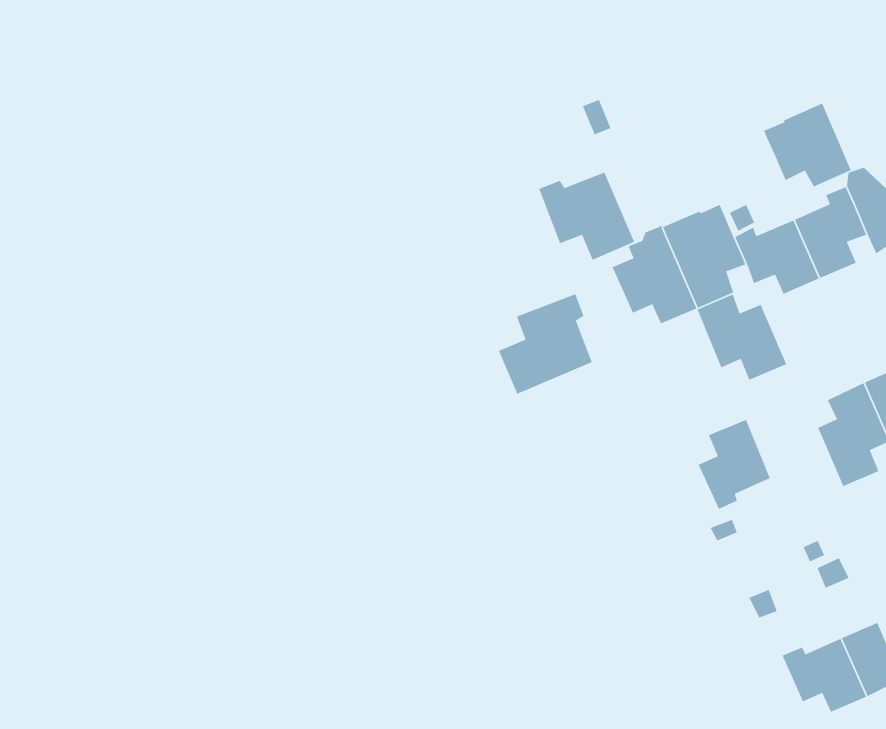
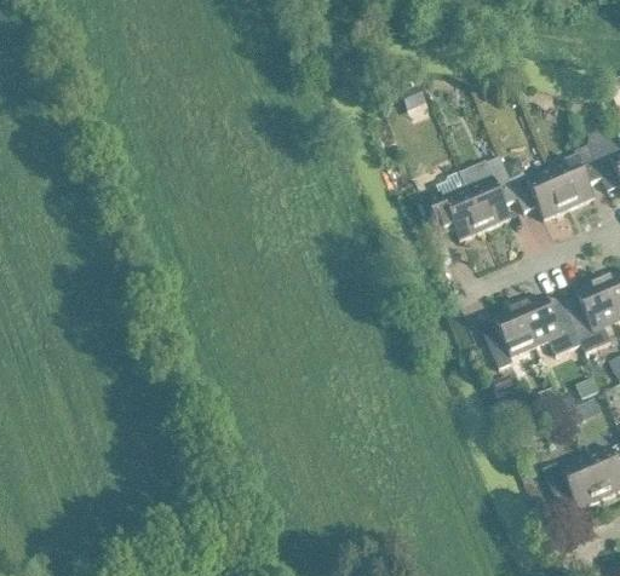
building: [763,103,852,187] -> none
building: [538,172,635,261] -> none
building: [498,293,593,395] -> none
building: [696,293,793,381] -> [521,293,587,353]

